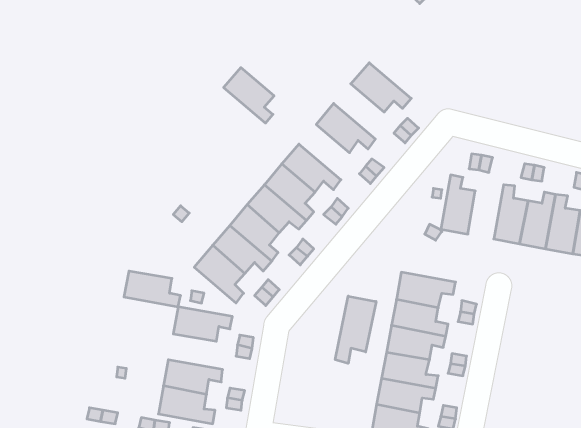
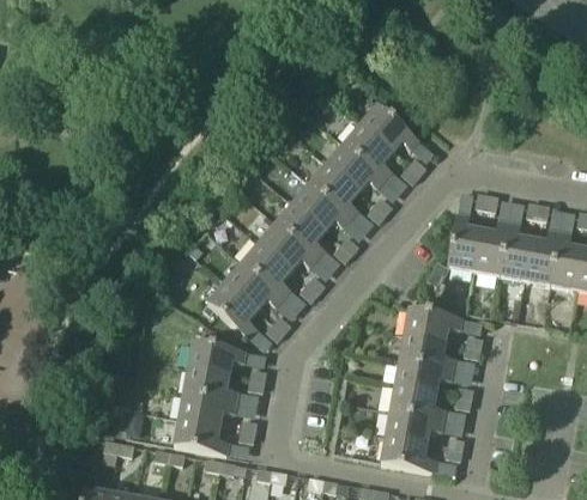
building: [224,68,274,123] -> [310,164,359,218]
building: none -> [344,124,393,178]
building: none -> [474,220,509,275]
building: [124,271,181,307] -> [183,367,238,402]
building: [335,296,376,363] -> none

